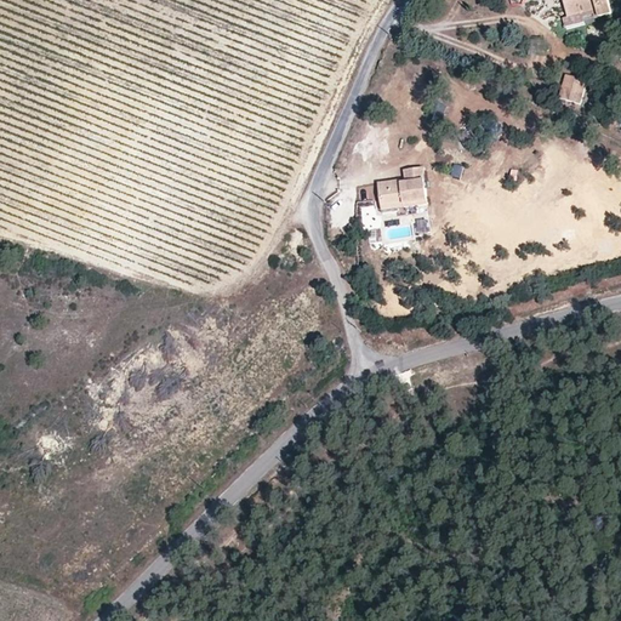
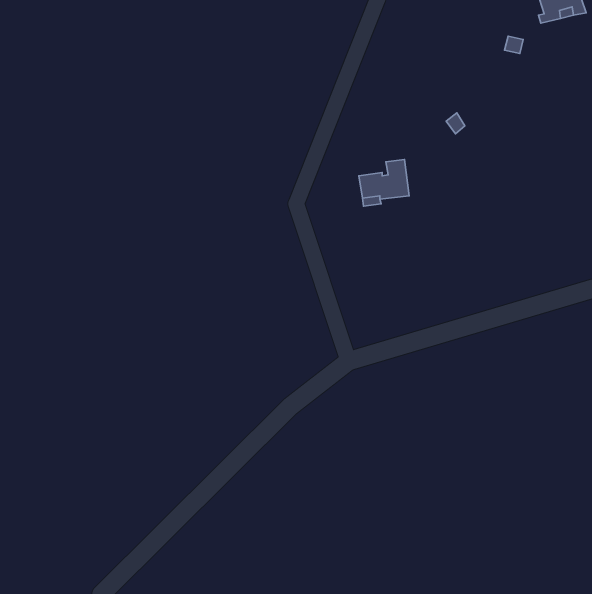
building: [558,73,587,103] -> none

